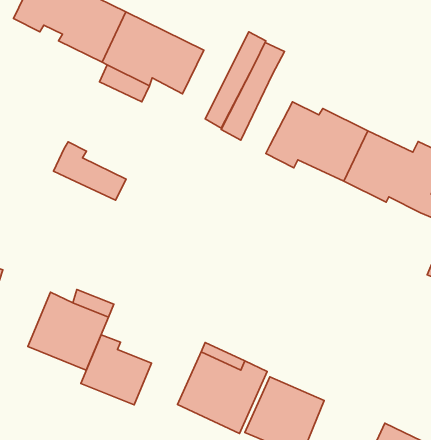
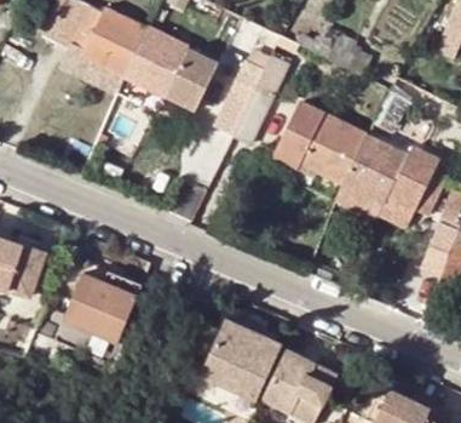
building: [53,142,126,200] -> [58,36,125,90]
building: none -> [336,179,416,225]
building: [81,335,151,405] -> none

